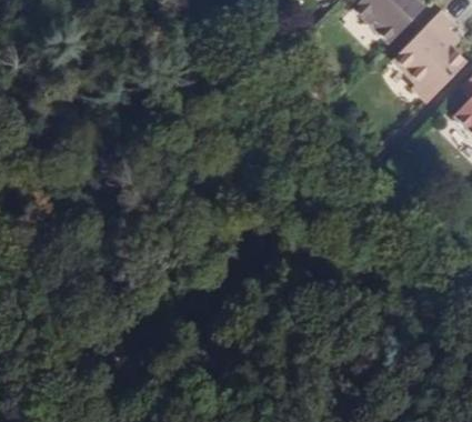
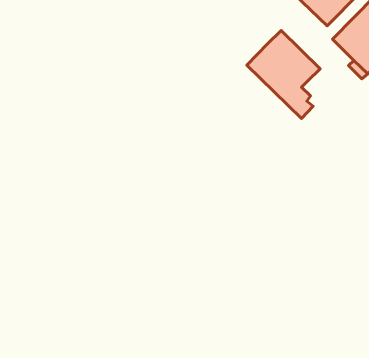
building: none -> [247,31,320,119]

